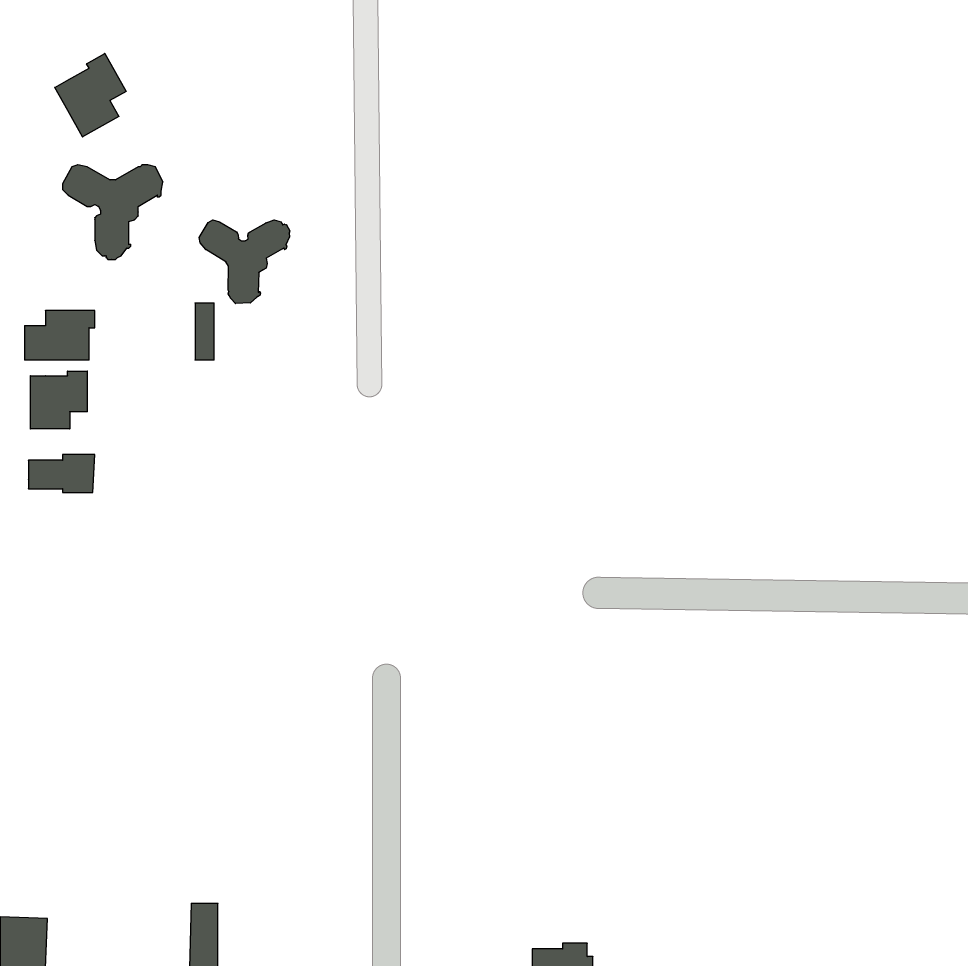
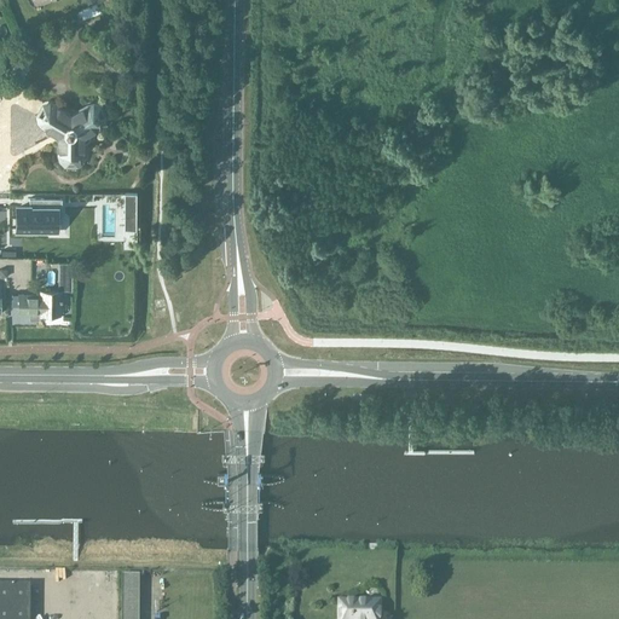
building: [55,53,126,137] -> none
building: [199,220,290,304] -> none
building: [30,371,87,429] -> none

